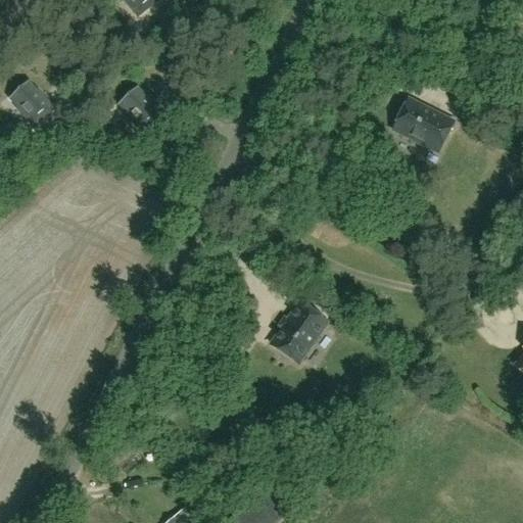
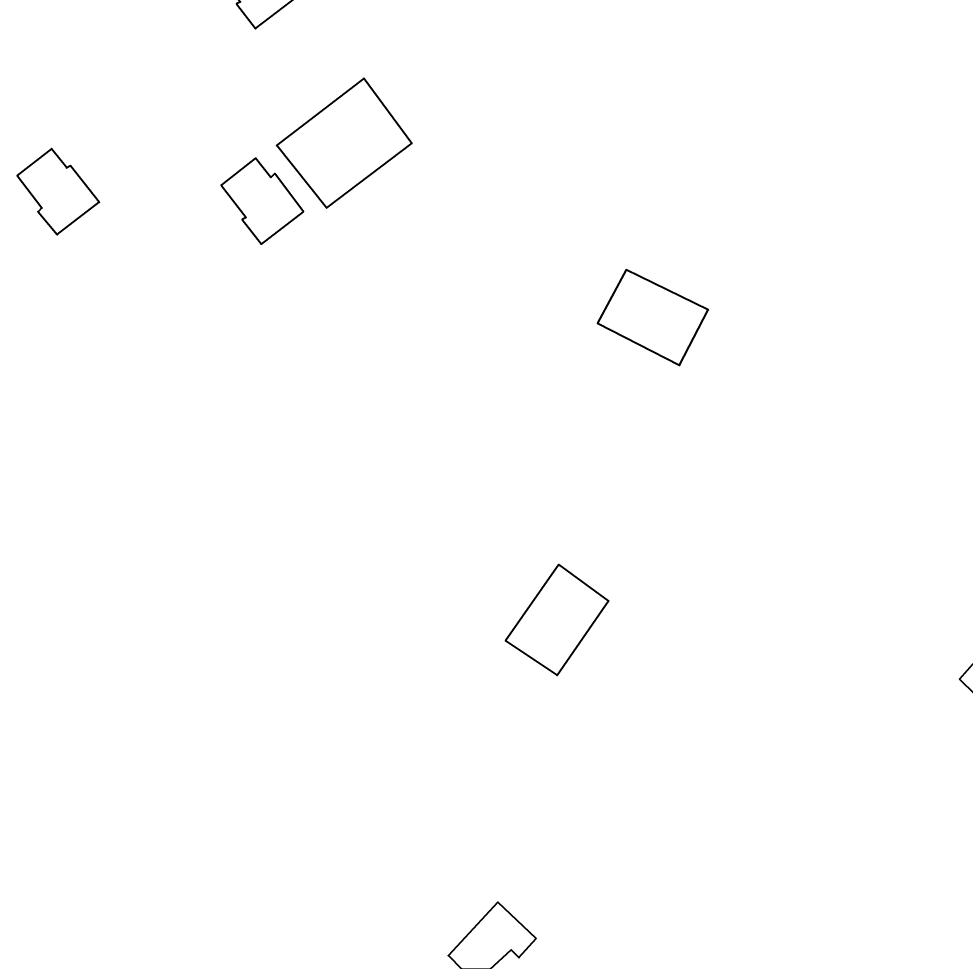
building: none -> [277,78,412,208]
building: [394,99,454,150] -> [598,270,708,365]

